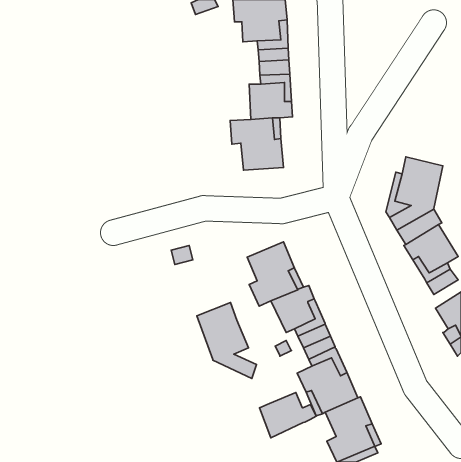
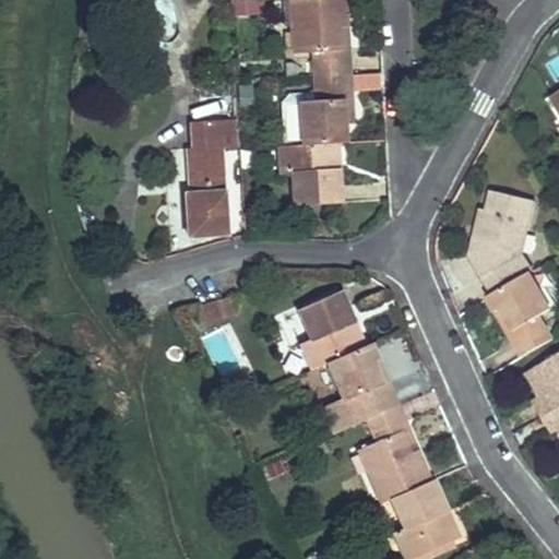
building: none -> [186,119,239,236]
building: [197,303,256,378] -> none
building: [260,393,316,438] -> none

